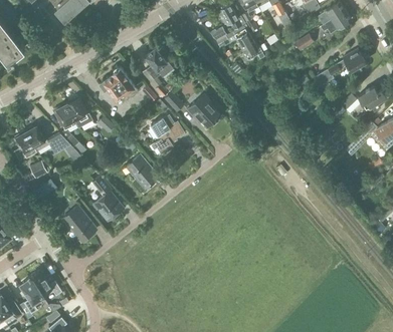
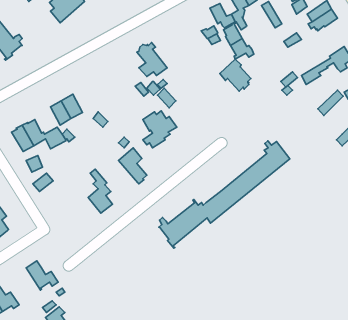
building: [99,67,137,104] -> none
building: [187,94,219,127] -> [220,59,251,91]
building: none -> [159,141,290,248]
building: [62,206,91,242] -> none
building: [20,277,44,314] -> none

